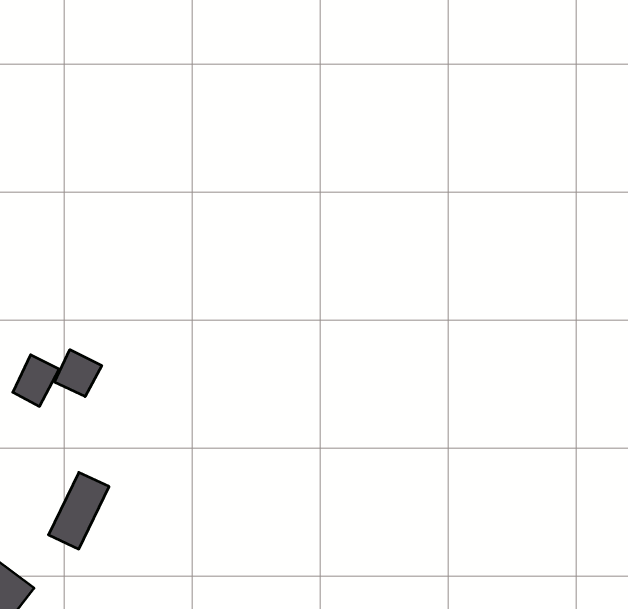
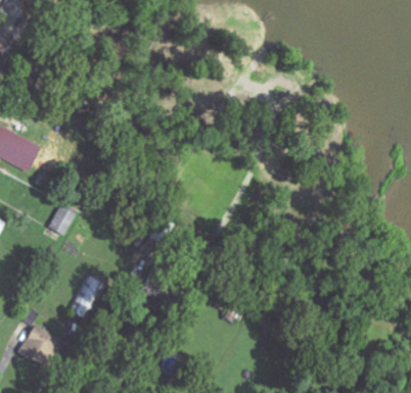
building: [55,350,102,397] -> none

